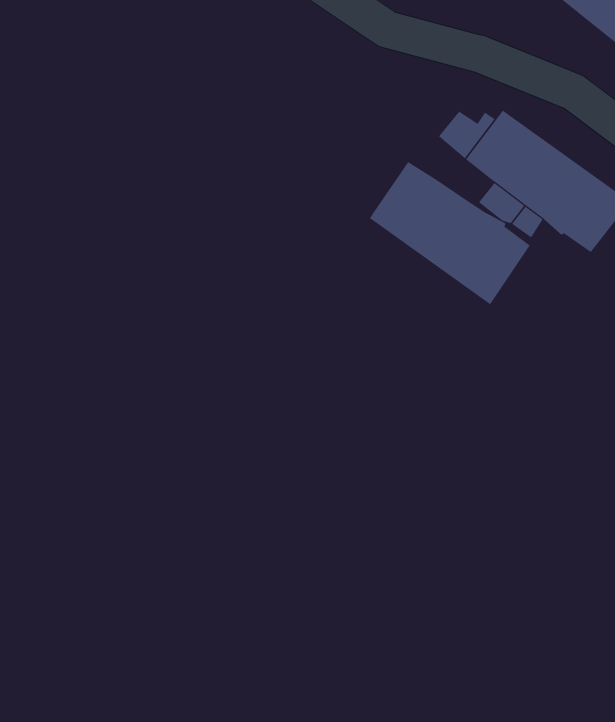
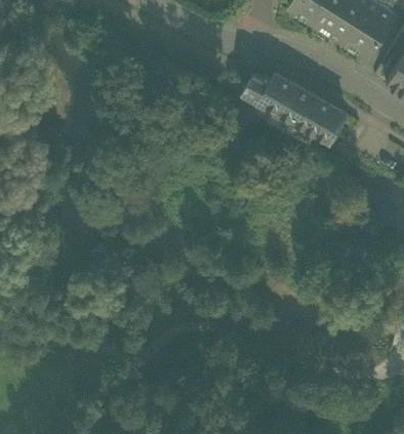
building: [369,161,530,305] -> none

